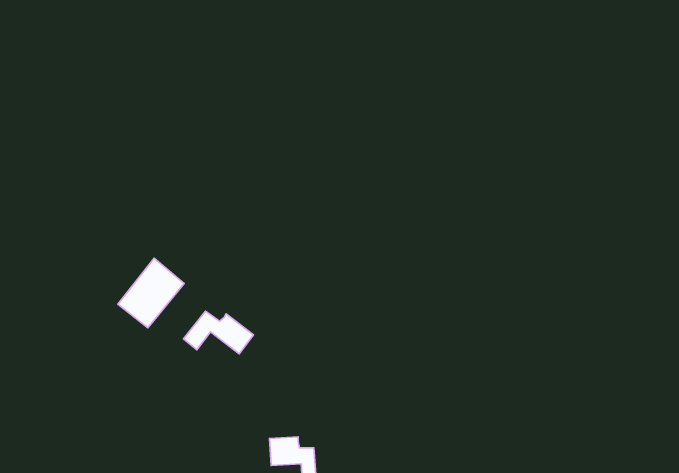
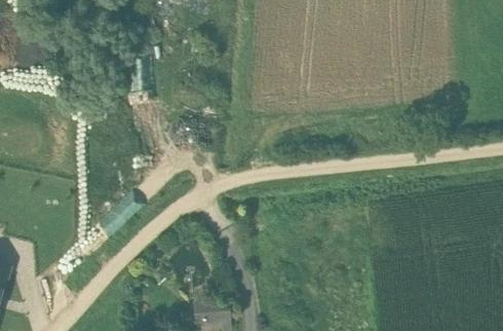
building: [184,311,254,354] -> none

